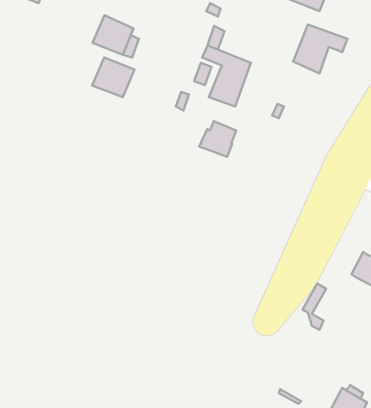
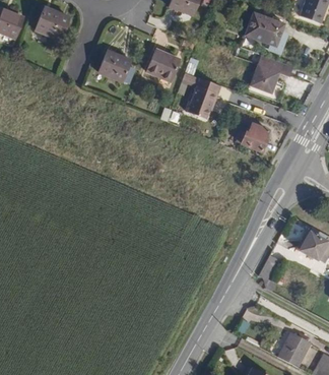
building: [92,58,135,97] -> [146,48,179,78]
building: [199,121,236,157] -> [240,123,268,150]

